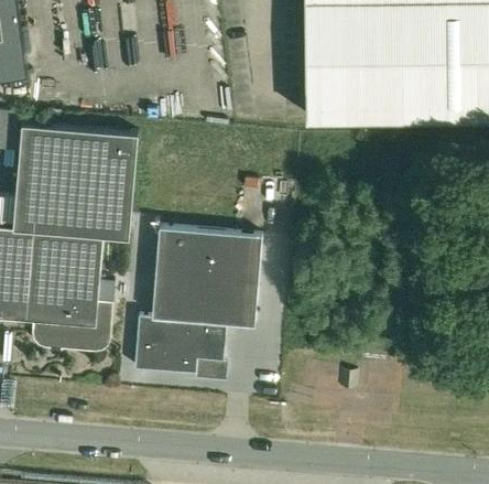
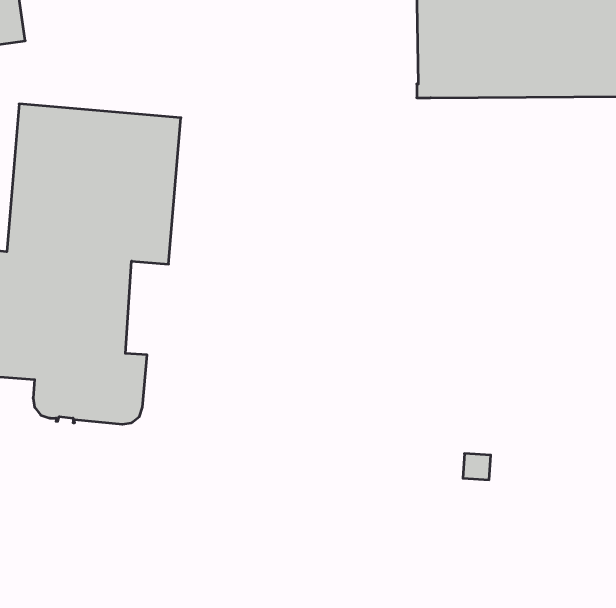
building: [134,226,262,373] -> none

